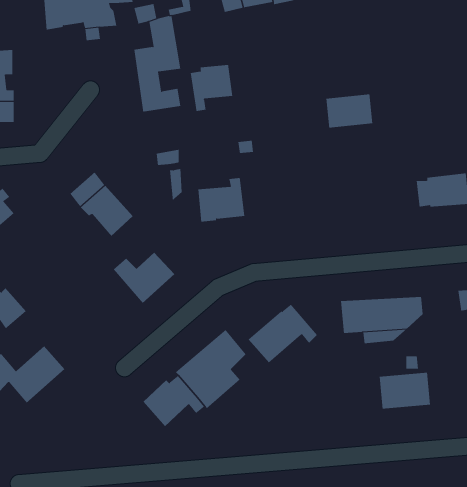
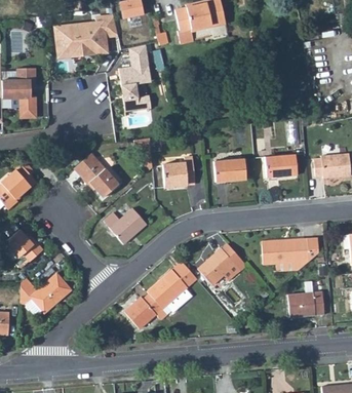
building: [190,64,233,112] -> none
building: [326,94,373,128] -> [264,153,297,176]
building: none -> [213,158,245,182]

